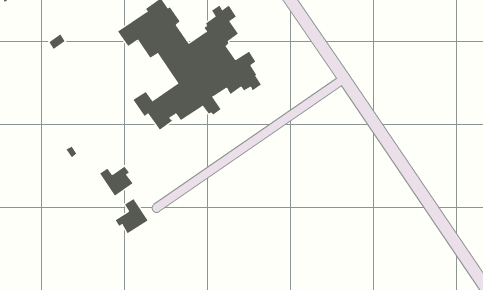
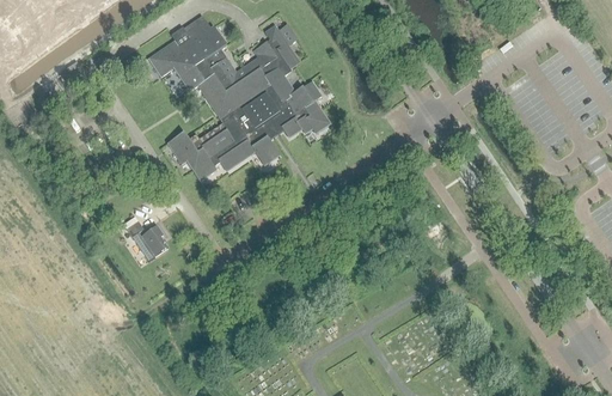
building: [115,198,148,234] -> none

